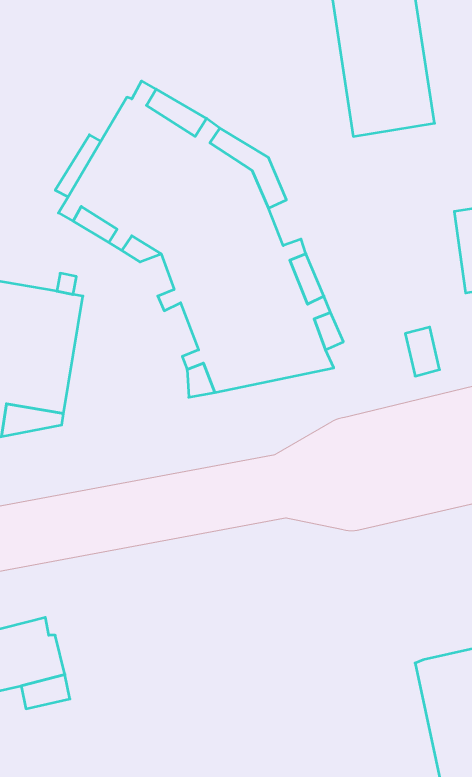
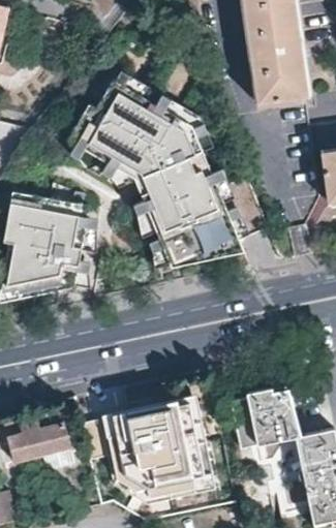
building: none -> [231,386,301,449]
building: none -> [90,401,217,499]

